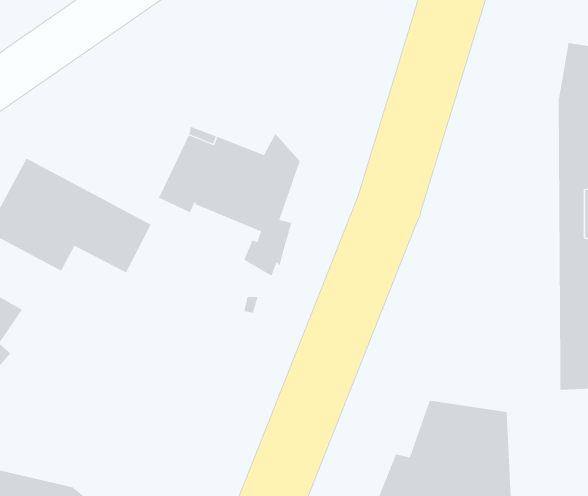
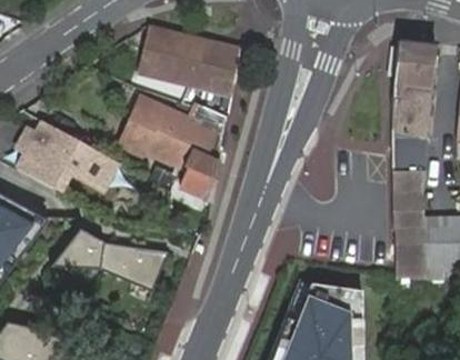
building: none -> [137,27,238,96]
building: none -> [49,230,166,292]

